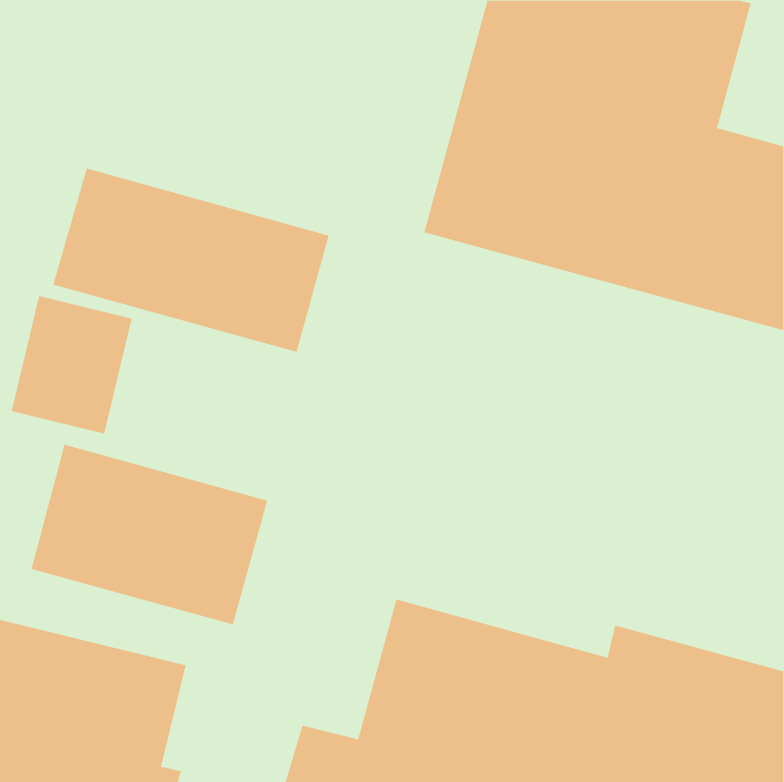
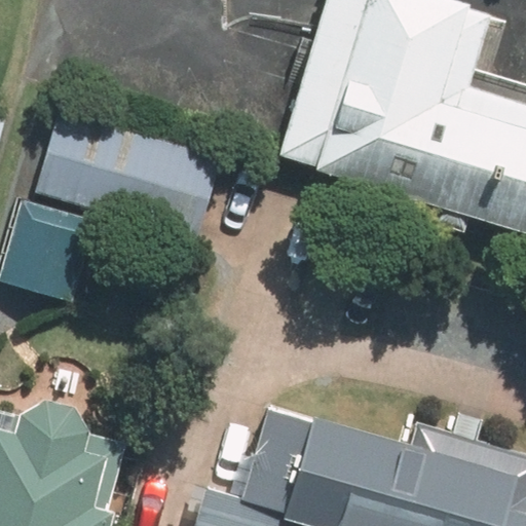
building: [31,444,268,625] -> none

